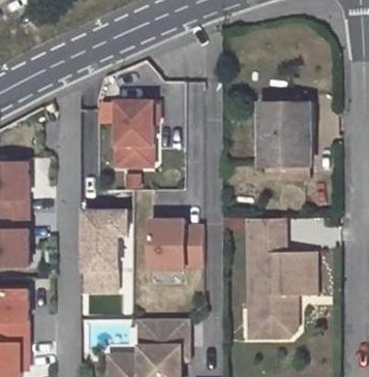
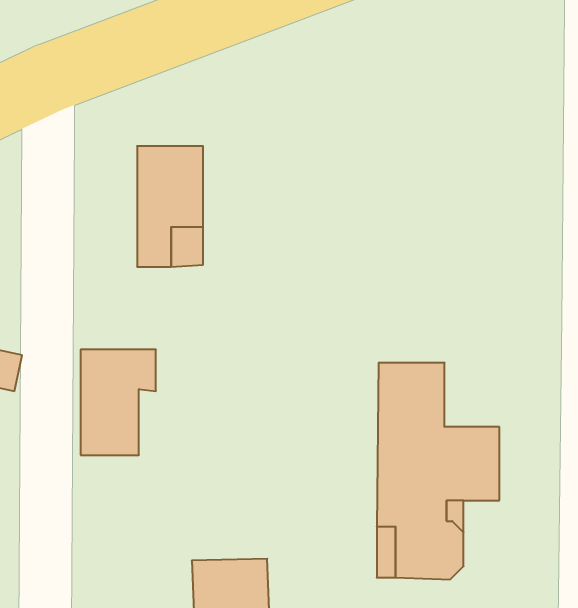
building: [259,103,309,180] -> none
building: [149,222,202,272] -> none

